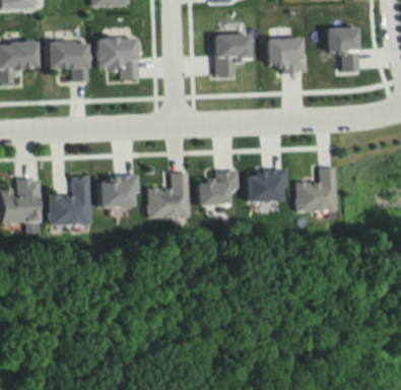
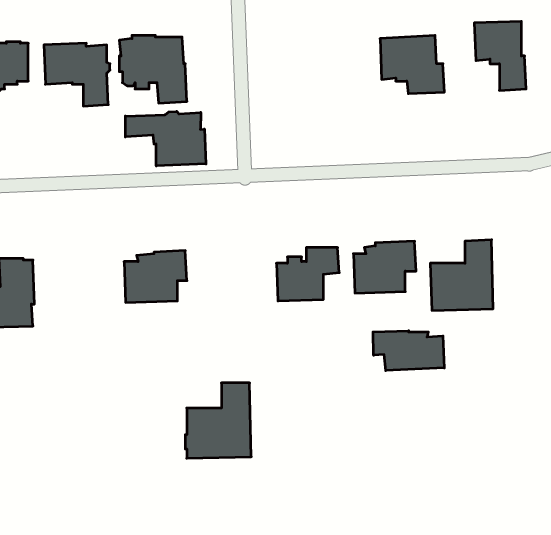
building: [213,31,250,77] -> none
building: none -> [125,111,206,166]
building: [148,173,191,221] -> [185,383,251,458]
building: [51,178,92,229] -> none
building: none -> [373,331,444,371]

